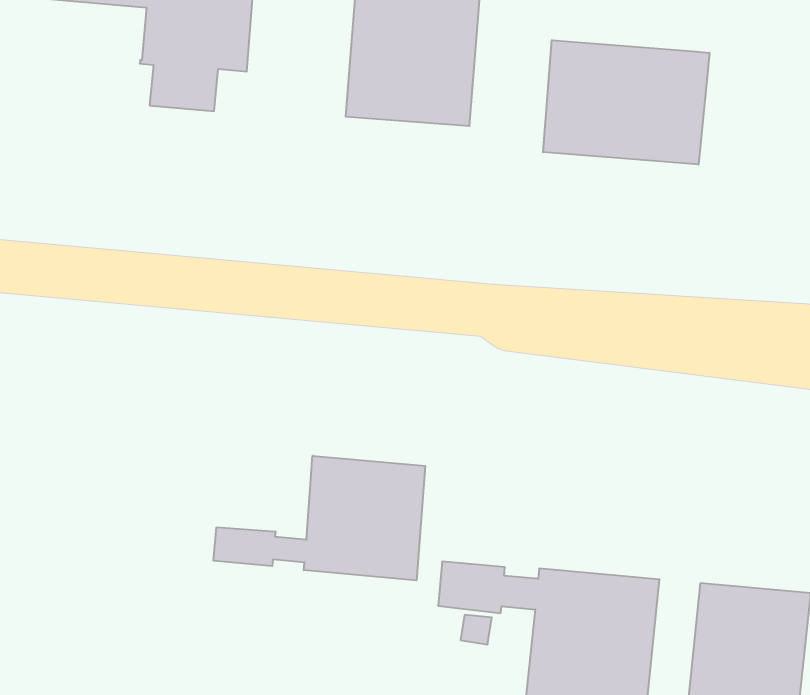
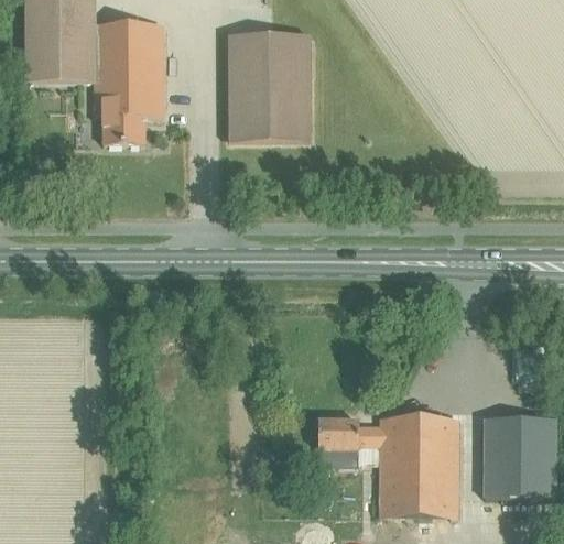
building: [543,40,709,165] -> none
building: [214,456,425,580] -> none

